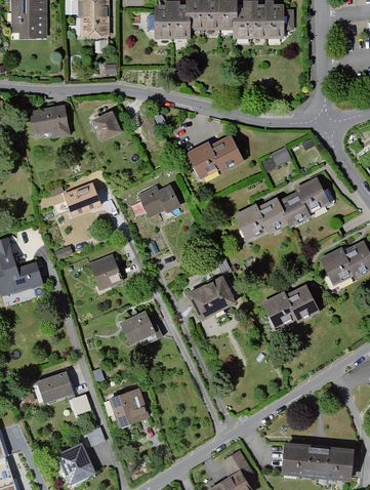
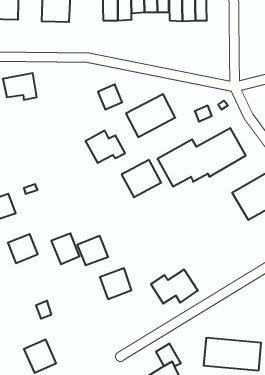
building: [90,111,121,142] -> [98,84,122,110]
building: [60,183,101,217] -> none
building: [86,251,122,290] -> [51,233,80,264]
building: [184,275,235,322] -> [122,160,161,197]
building: [265,284,325,327] -> [151,270,198,304]
building: [35,367,73,404] -> [8,234,38,263]
building: [111,387,151,426] -> [100,268,131,299]

